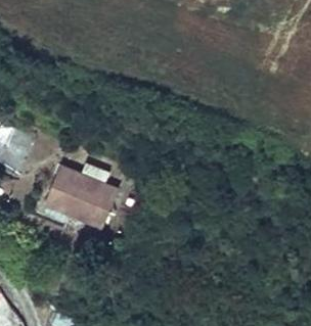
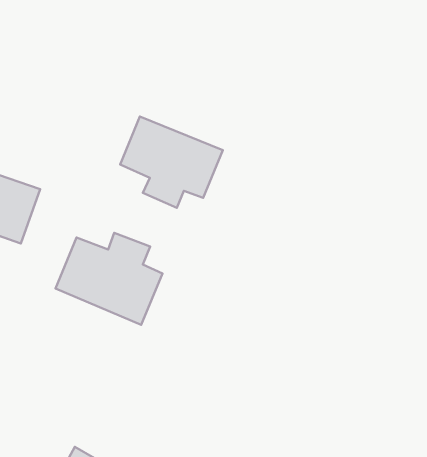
building: none -> [120,117,223,208]

